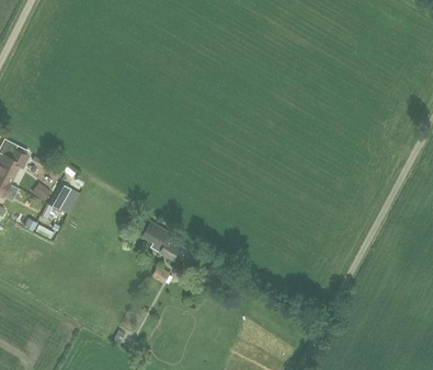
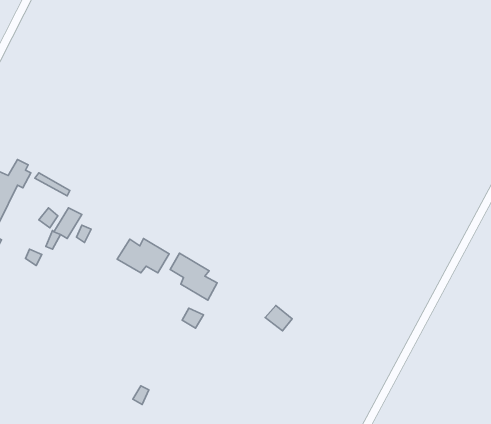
building: none -> [117,239,169,273]

